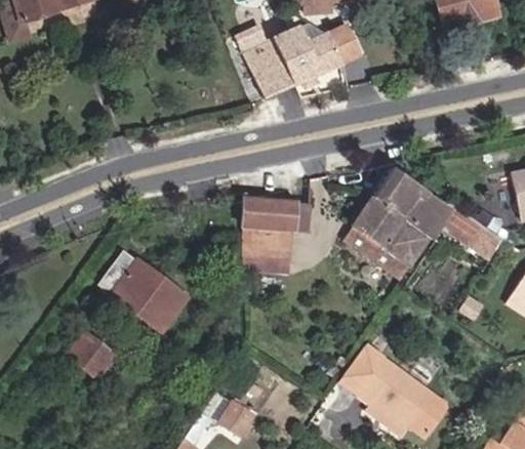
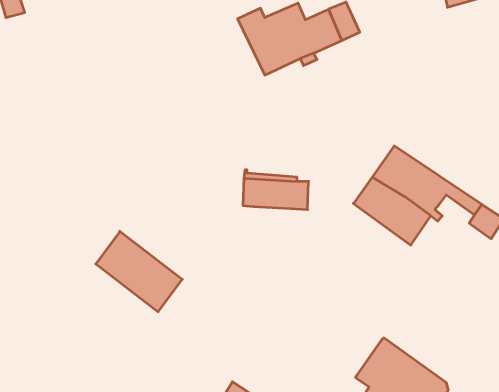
building: [341,223,409,279] -> none
building: [253,227,291,255] -> none
building: [67,332,114,378] -> none
building: [338,345,380,393] -> none

